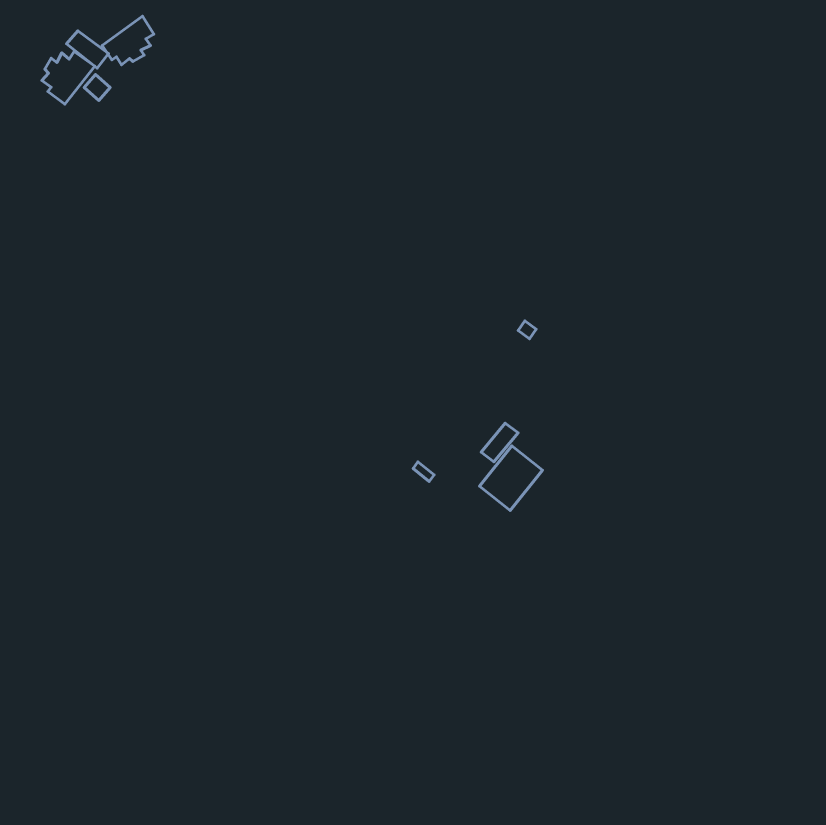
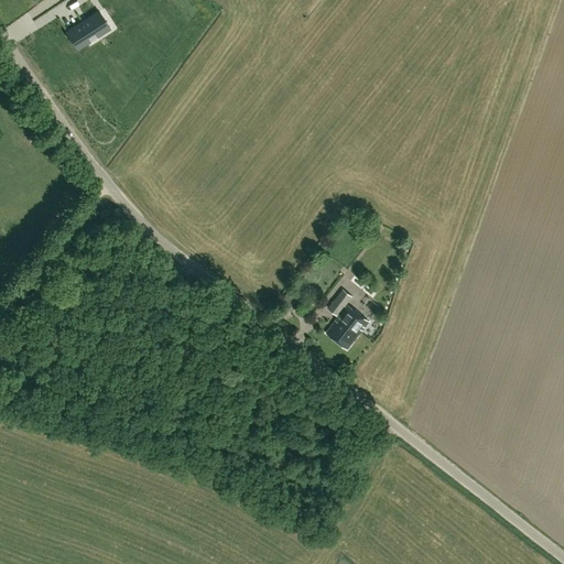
building: [42,51,95,104] -> none

